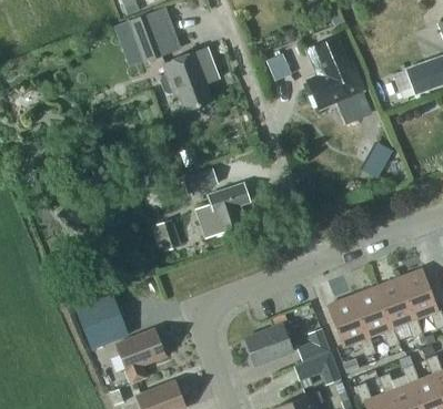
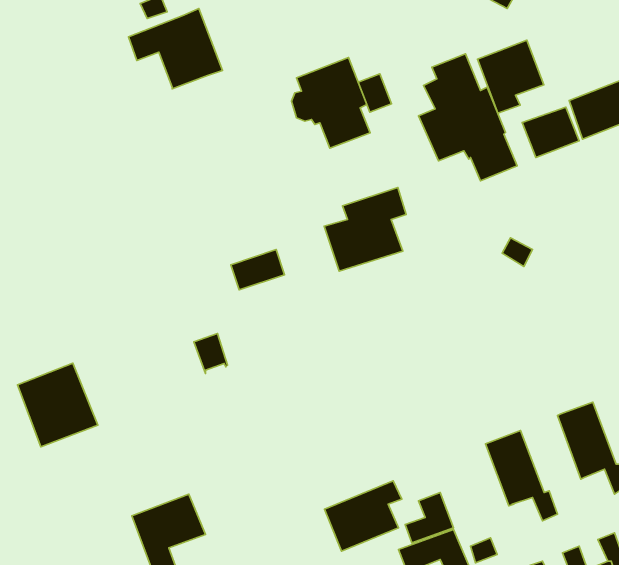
building: none -> [477,40,544,113]
building: [160,51,212,111] -> [291,58,370,148]
building: [195,184,250,239] -> [324,188,406,271]
building: [374,277,423,338] -> none
building: [75,293,129,348] -> [17,363,98,447]
building: [326,296,375,356] -> none

